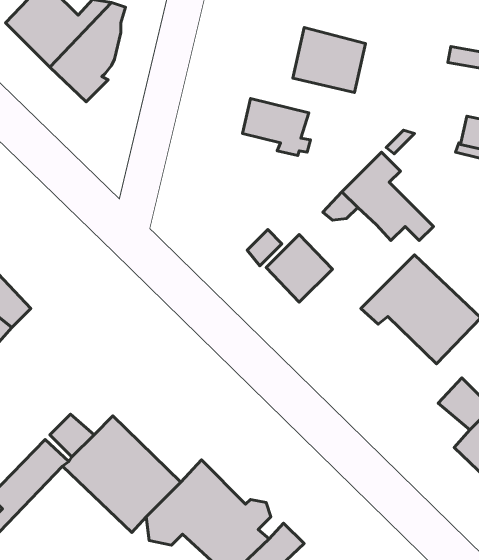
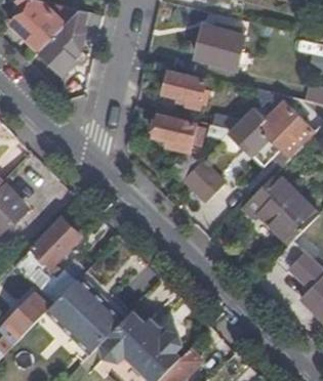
building: none -> [259,102,312,155]
building: none -> [153,116,195,155]
building: none -> [14,217,81,279]

